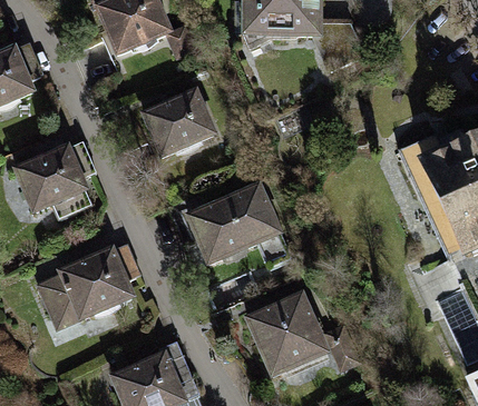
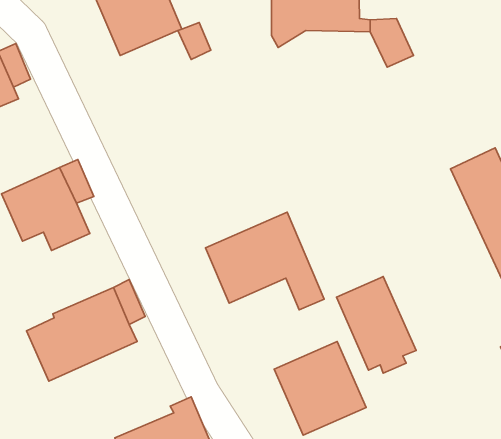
building: [144,92,212,154] -> none
building: none -> [336,276,416,373]

